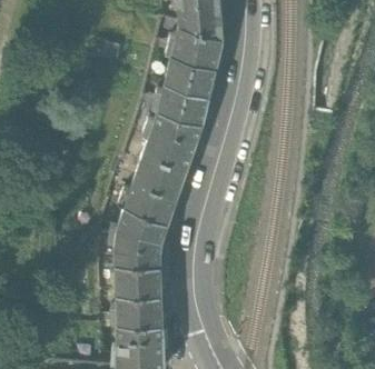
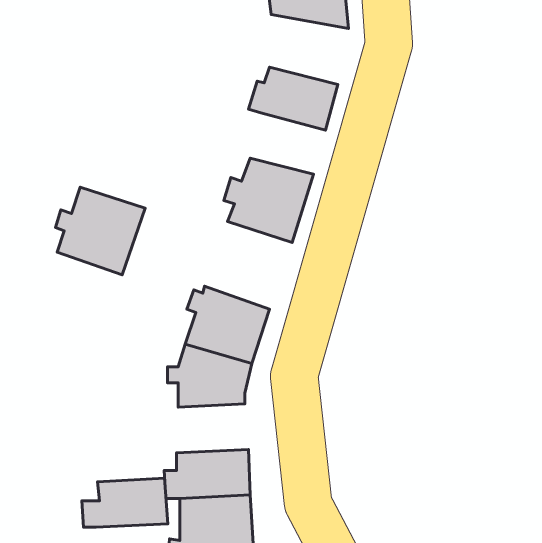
building: [162,21,225,66] -> none
building: [154,83,210,122] -> none
building: [132,152,189,208] -> [56,187,145,275]
building: [107,268,161,299] -> [82,478,168,527]

